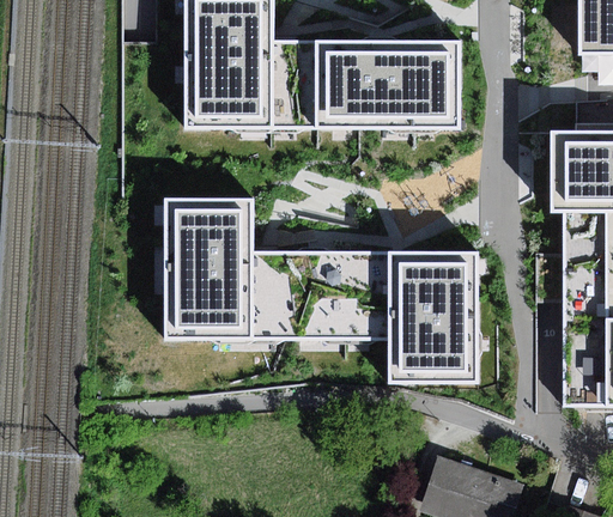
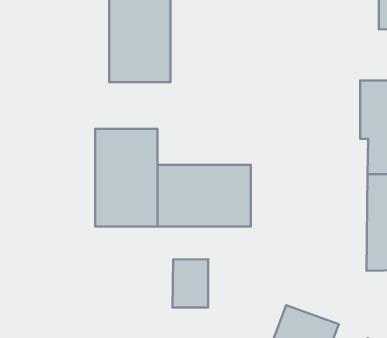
building: [274,39,461,129] -> none
building: [392,250,480,382] -> none
building: none -> [172,259,208,308]

